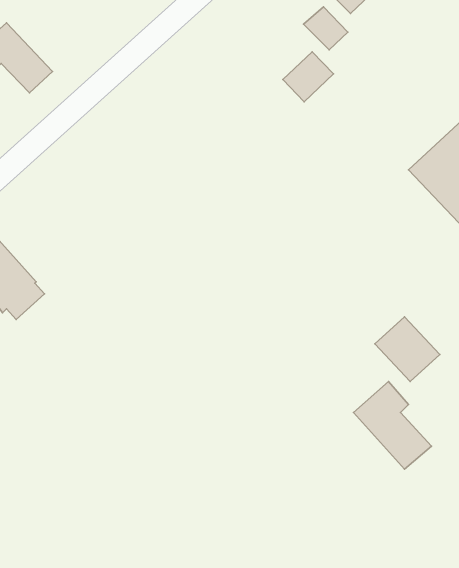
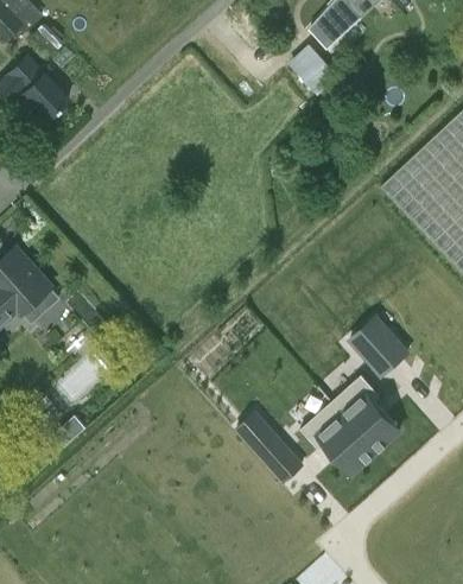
building: [283,52,334,102] -> none
building: none -> [300,401,376,472]
building: none -> [235,410,304,481]

